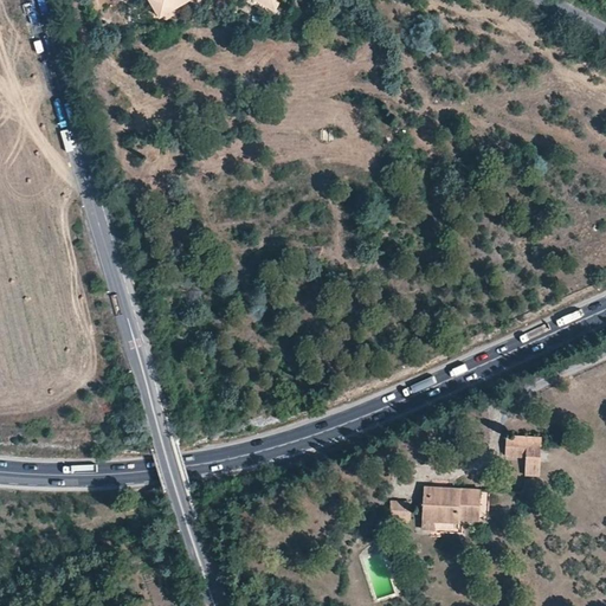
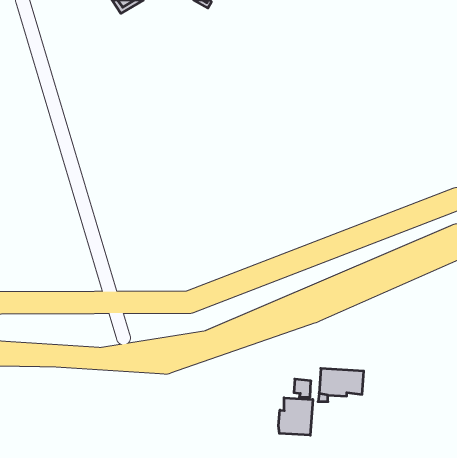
building: [504,434,541,477] -> none
building: none -> [278,398,313,435]

